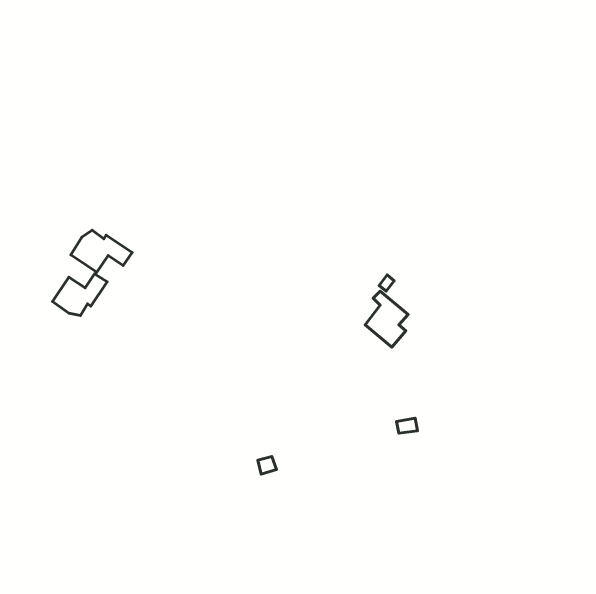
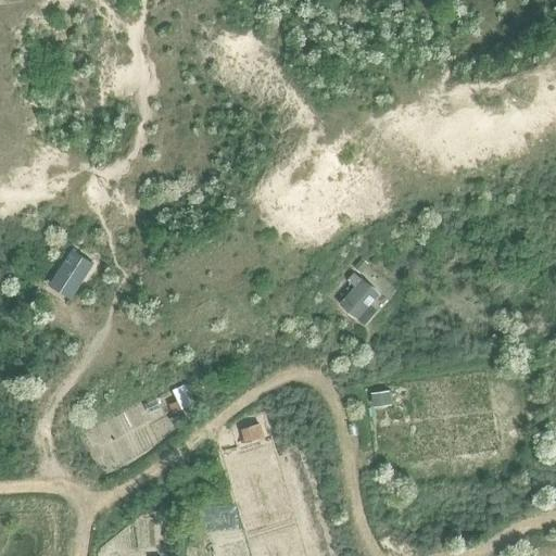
building: [71,230,132,272] -> none

